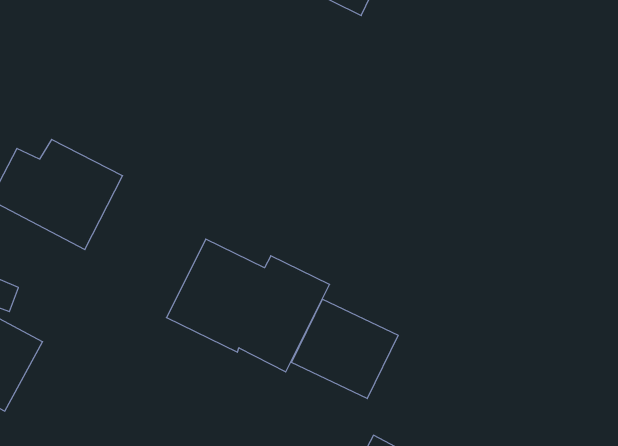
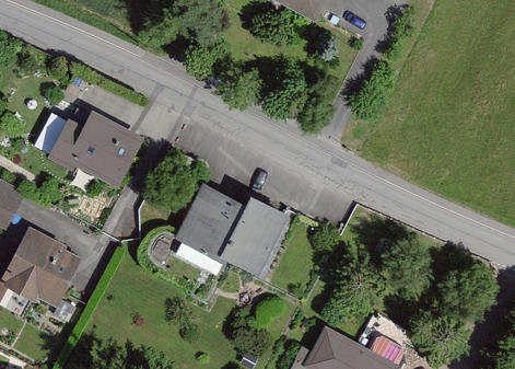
building: [291,299,398,399] -> none

